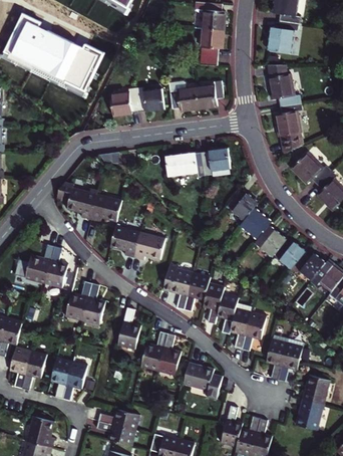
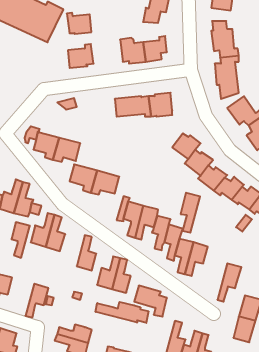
building: [135,89,163,113] -> [67,13,91,34]
building: [268,335,290,381] -> [181,193,200,233]
building: [50,359,71,399] -> [11,222,30,258]
building: none -> [96,302,148,323]

